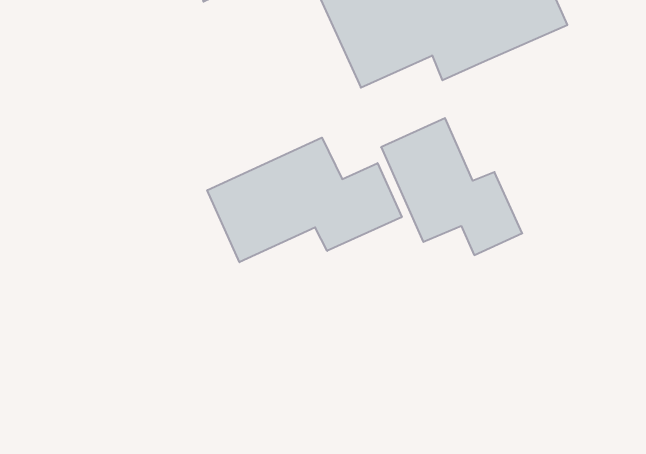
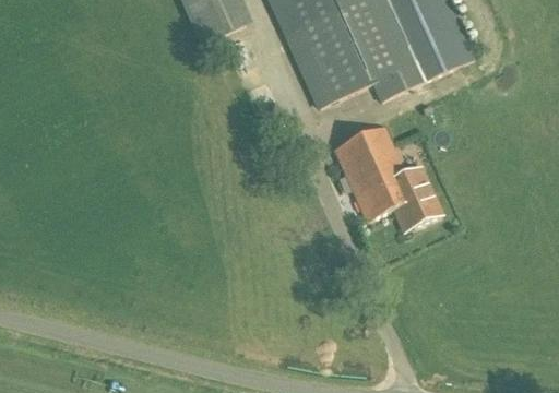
building: [207,138,402,262] -> none

